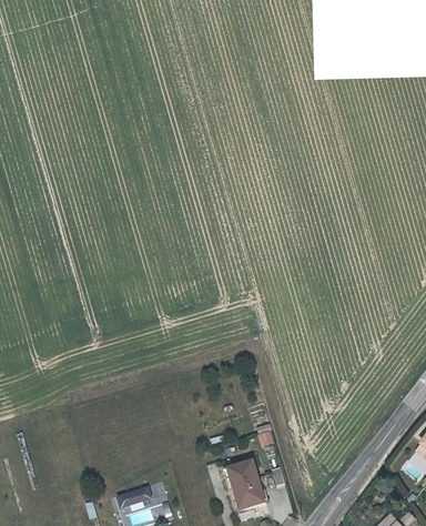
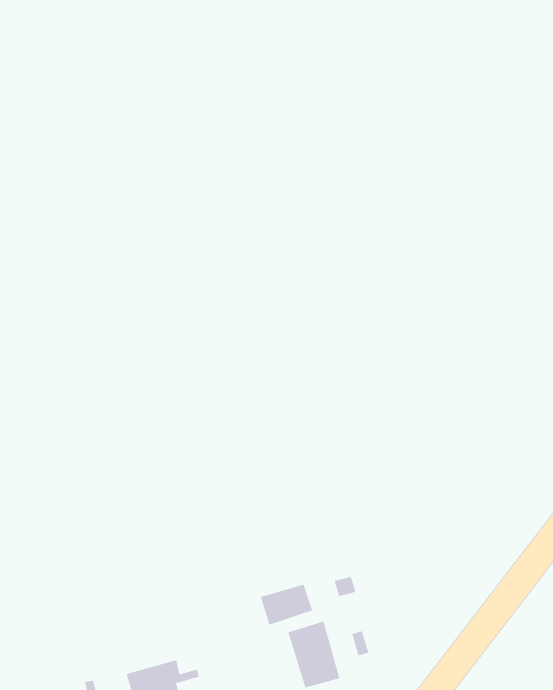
building: none -> [260,584,313,626]

